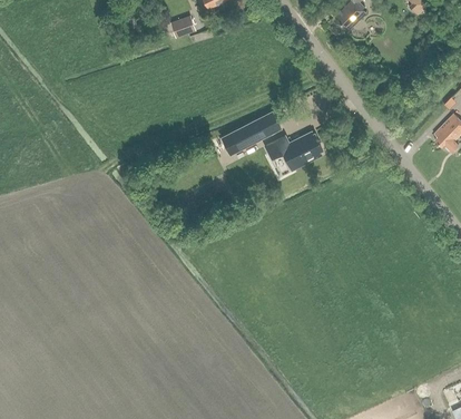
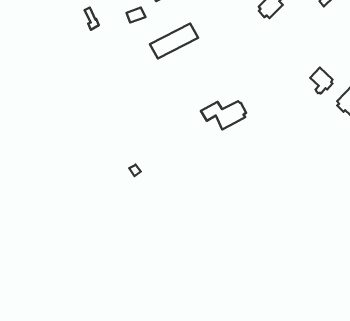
building: none -> [310,67,333,94]
building: [220,113,281,156] -> [150,24,198,58]

